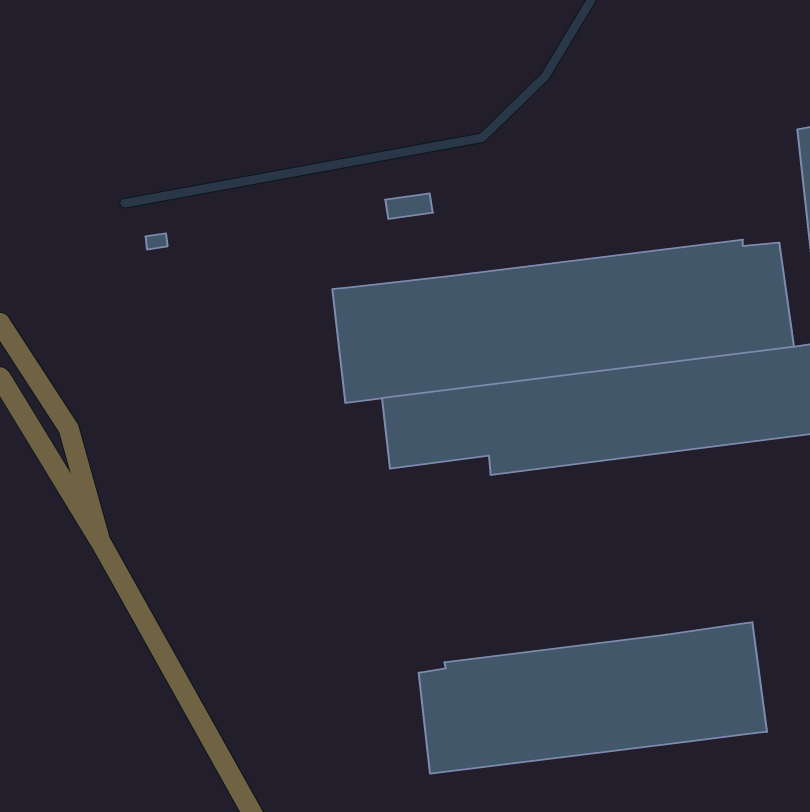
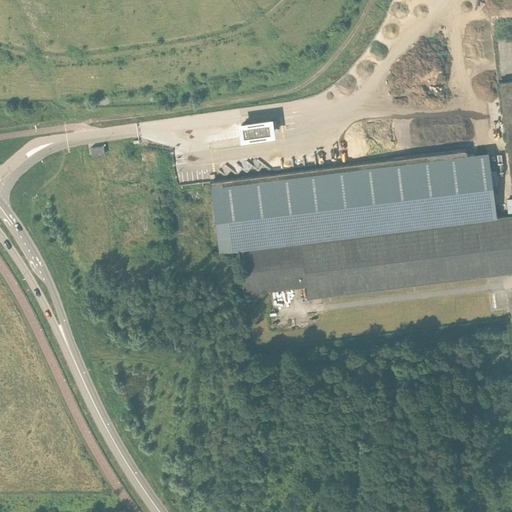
building: [419,622,767,774] -> none

